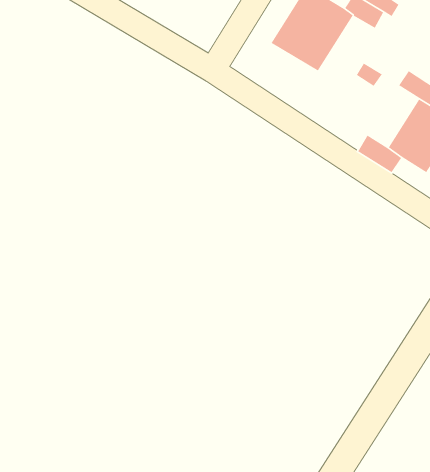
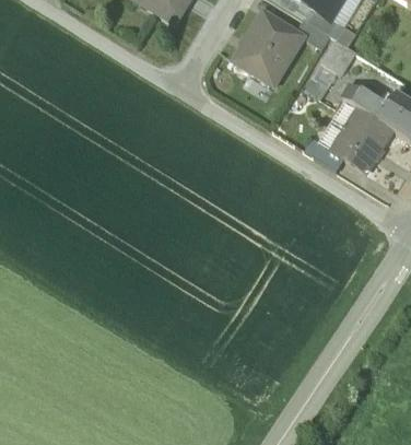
building: none -> [321,36,355,73]

